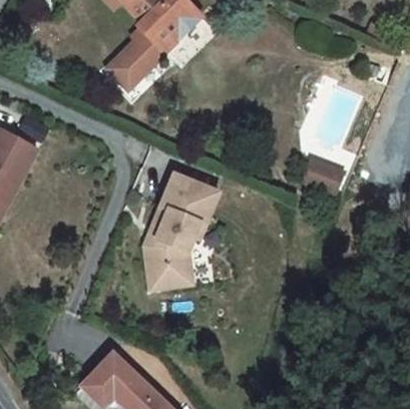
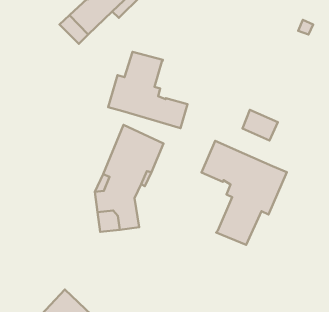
building: none -> [108,52,187,128]
building: none -> [201,141,287,245]

